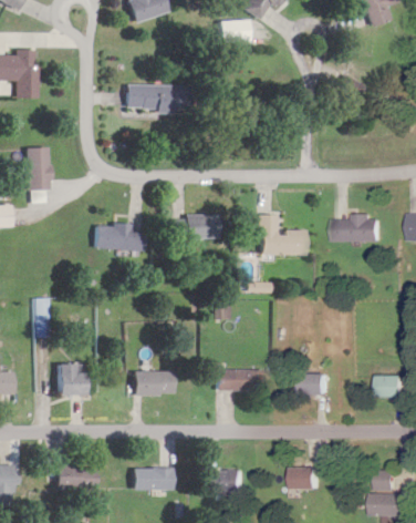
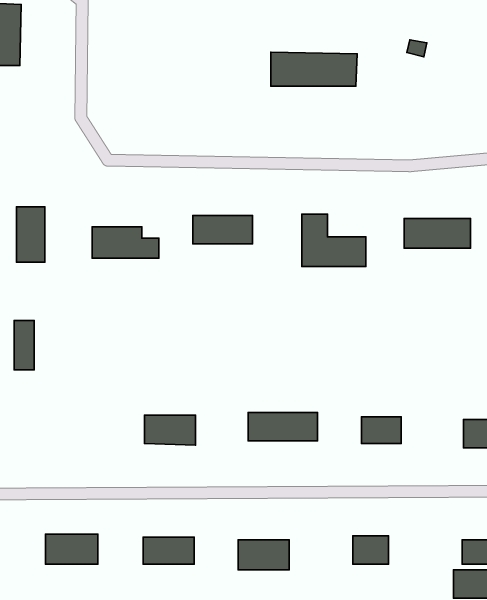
building: [124,84,191,111] -> [271,52,357,86]
building: [25,148,48,192] -> [16,207,45,262]
building: [55,365,86,394] -> none

